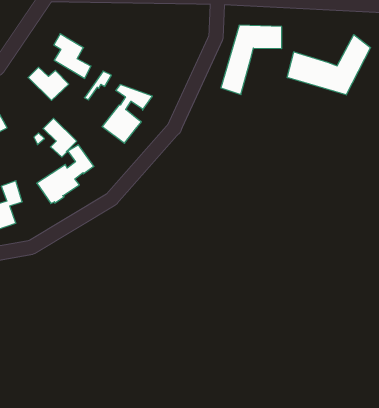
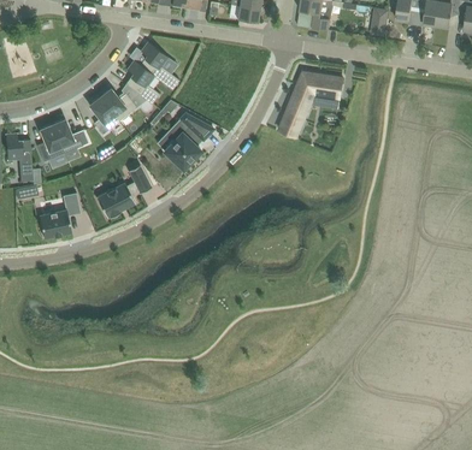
building: none -> [140,41,178,89]
building: [287,35,371,95] -> none
building: [43,118,77,157] -> [88,96,118,134]

